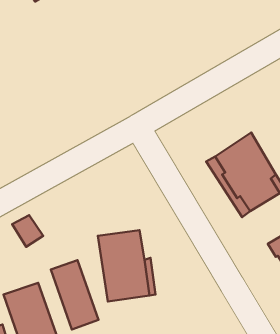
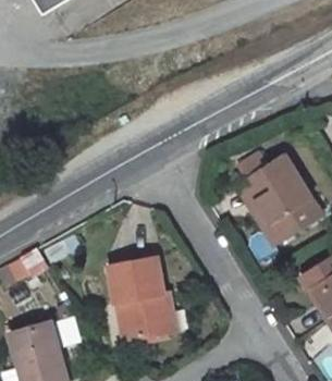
building: [51,260,98,329] -> none

